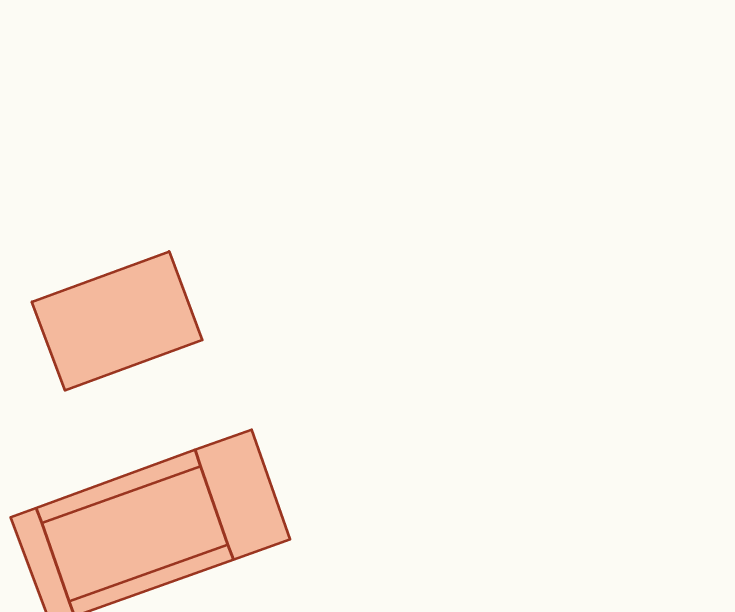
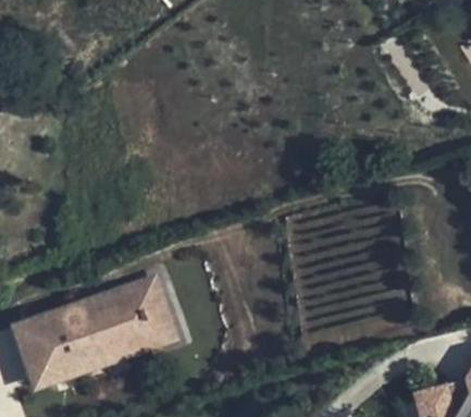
building: [32,251,202,390] -> none

